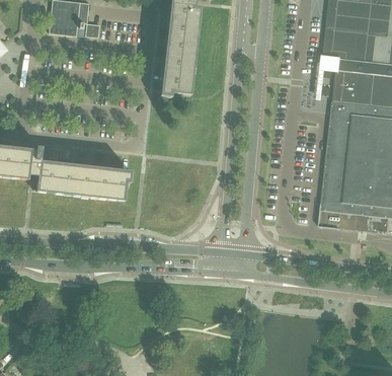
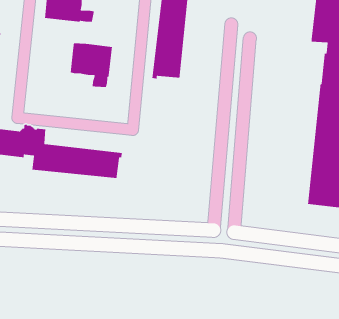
building: none -> [70,42,113,88]

